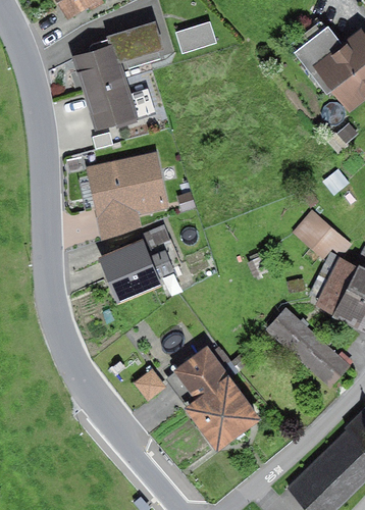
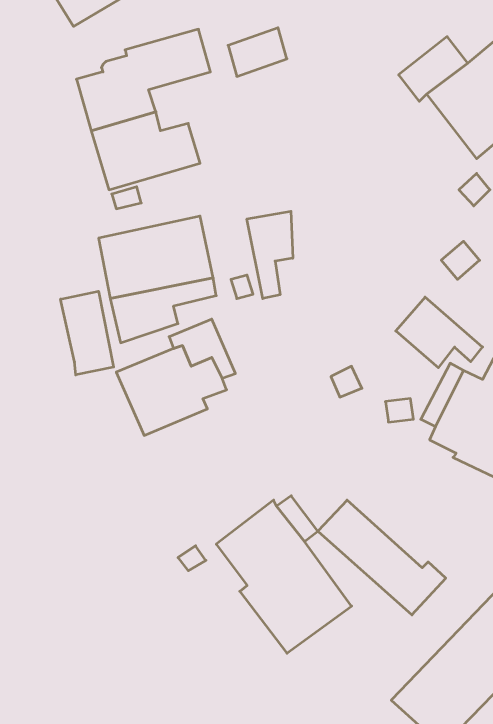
building: none -> [247,211,293,299]
building: none -> [61,291,114,375]
building: [266,307,355,387] -> [318,500,446,615]

